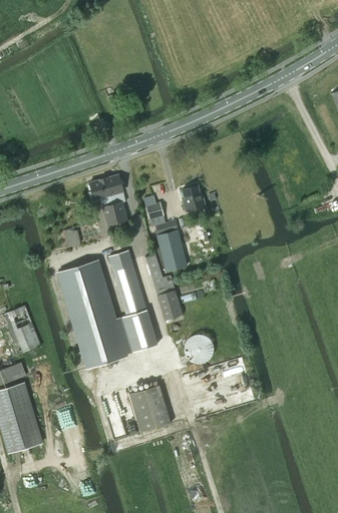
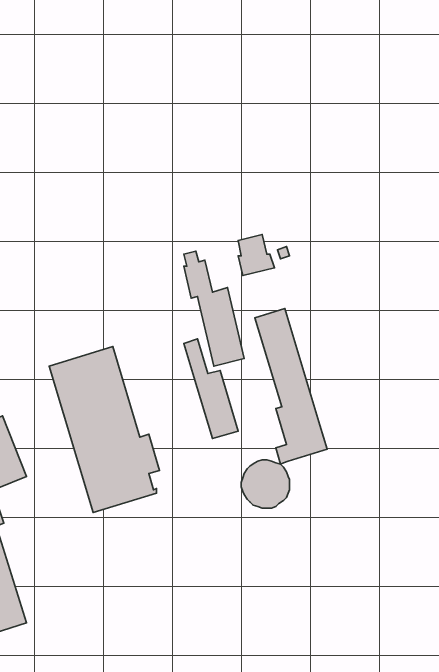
building: [88,175,126,225] -> none
building: [108,251,156,355] -> [255,309,327,464]
building: [129,386,171,433] -> none

